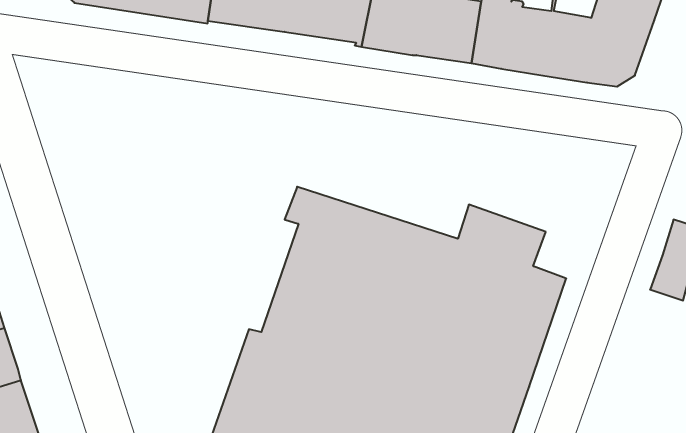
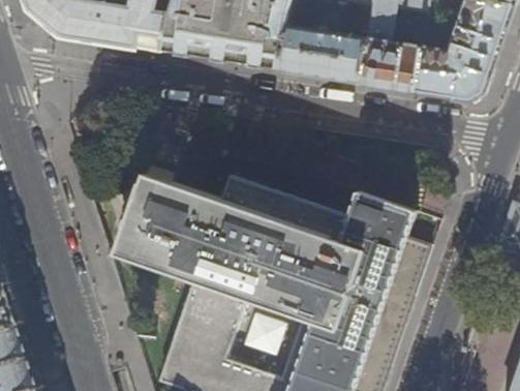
building: none -> [113,175,226,285]

